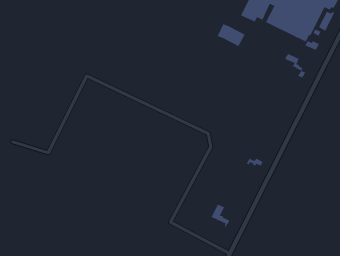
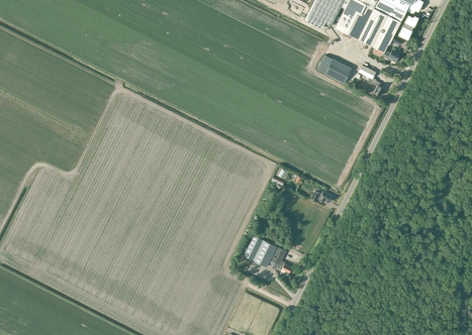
building: [217,24,245,47] -> [317,55,352,84]
building: none -> [244,235,277,267]

